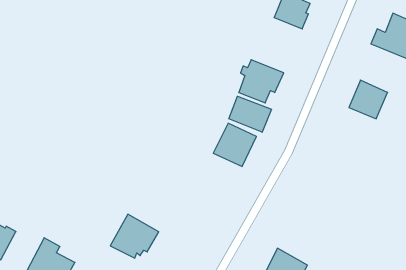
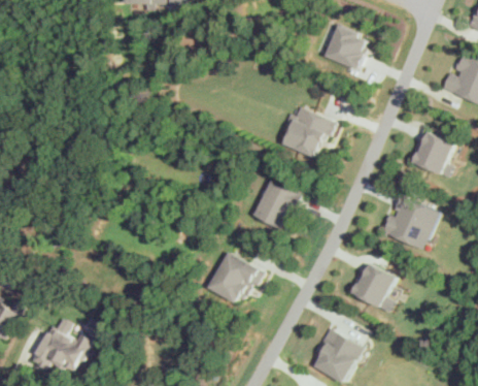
building: [229,96,271,132] -> none
building: none -> [380,195,438,250]
building: none -> [350,262,396,313]
building: [110,214,159,258] -> [206,252,263,303]

